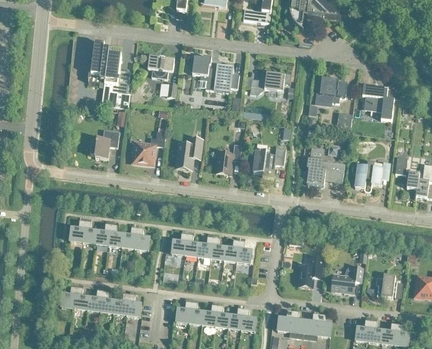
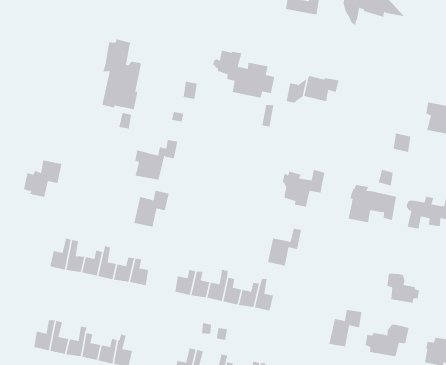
building: [88,42,109,82] -> none
building: [147,55,174,78] -> none
building: [314,77,346,104] -> none
building: [89,129,119,159] -> [23,160,62,197]
building: [175,137,202,167] -> [134,190,169,227]
building: [215,143,241,174] -> [267,228,302,266]
building: none -> [387,273,419,303]

